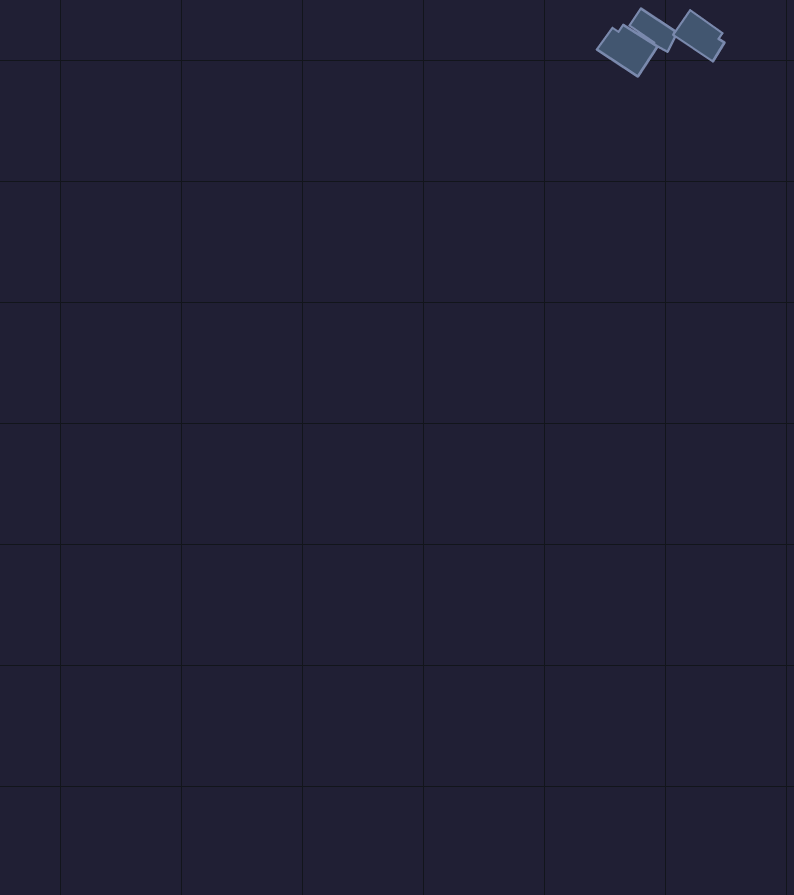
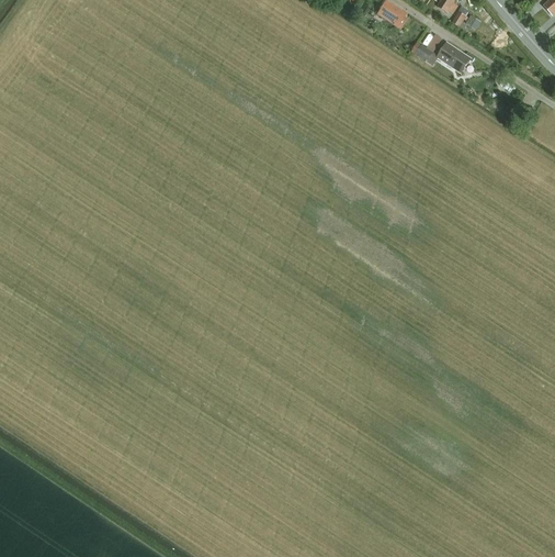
building: [597,25,657,77] -> none

